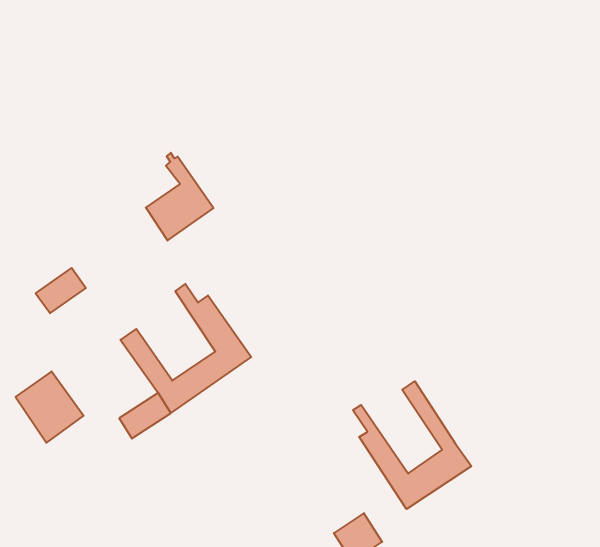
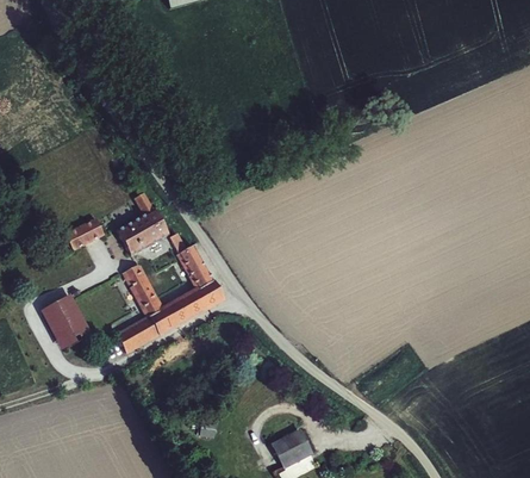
building: [146,153,213,241] -> [119,188,172,256]
building: [353,381,471,509] -> none

